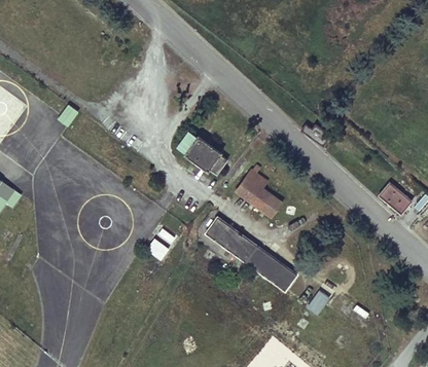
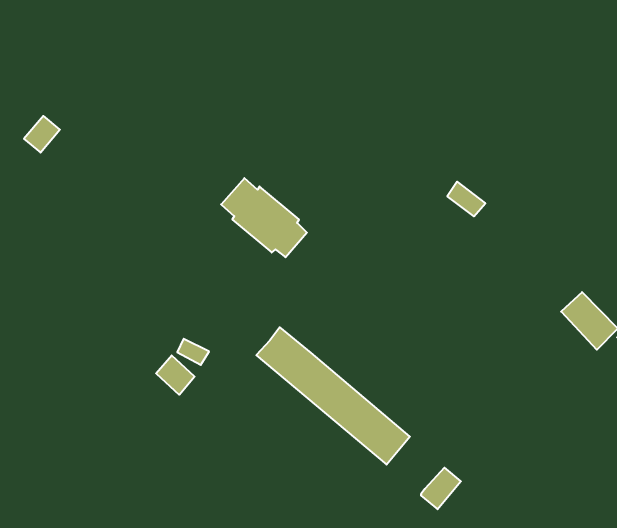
building: [234,164,283,219] -> none

